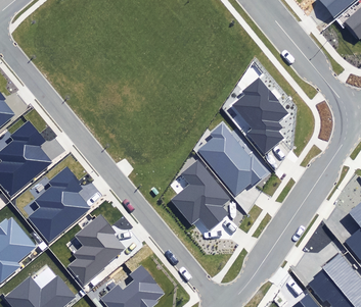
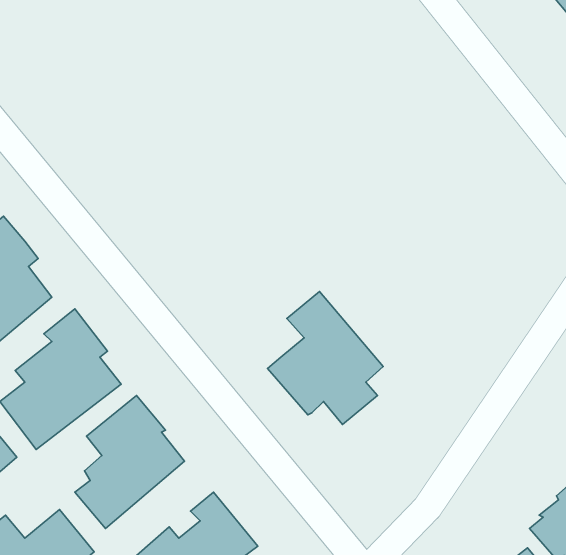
building: [232,79,285,156] -> none
building: [197,123,266,194] -> none

